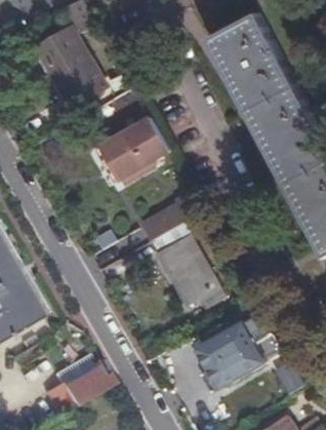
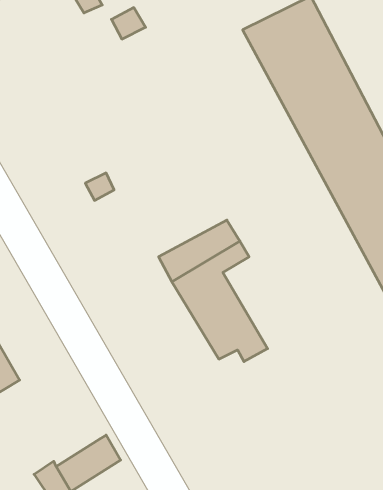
building: [40,28,111,109] -> none
building: [107,121,171,180] -> none
building: [201,322,269,391] -> none

